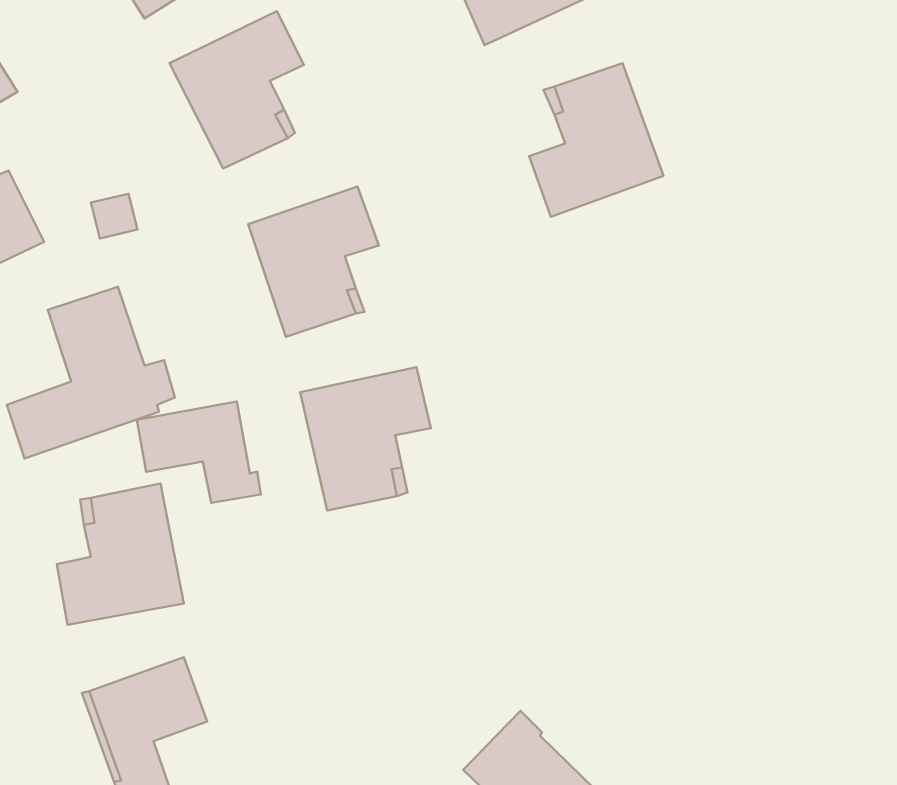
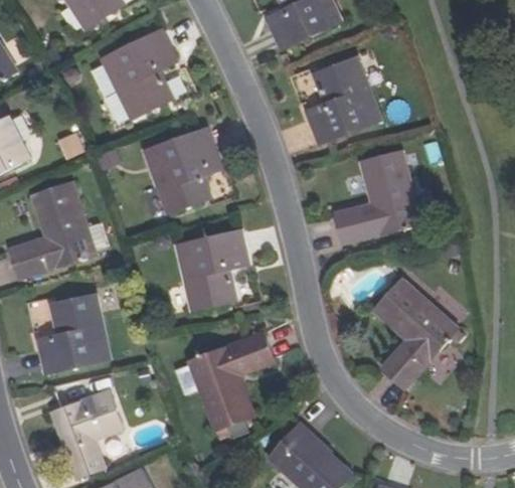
building: none -> [334,152,417,242]
building: [137,401,261,503] -> none
building: none -> [373,285,455,393]
building: none -> [188,334,273,430]

